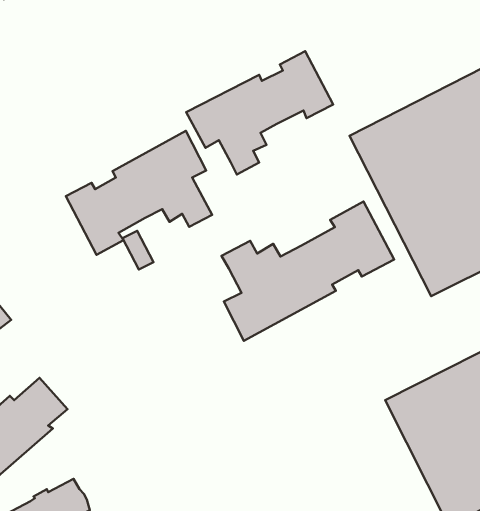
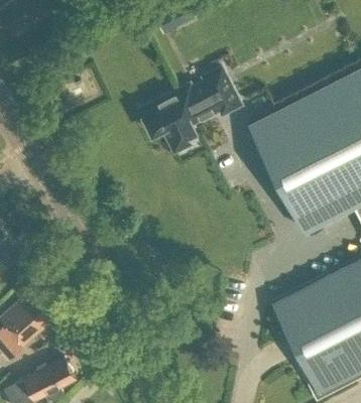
building: [66,131,212,255] -> none
building: [222,201,394,341] -> none

